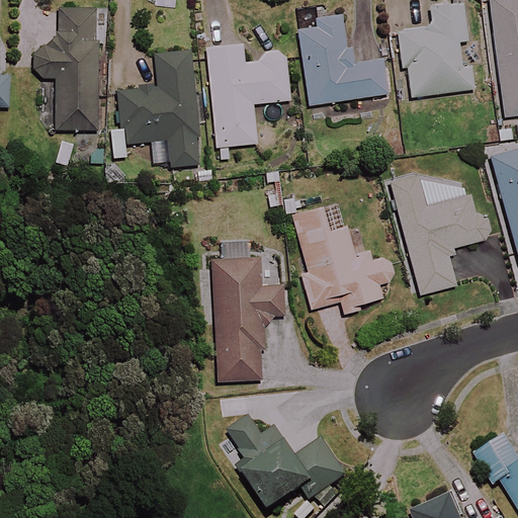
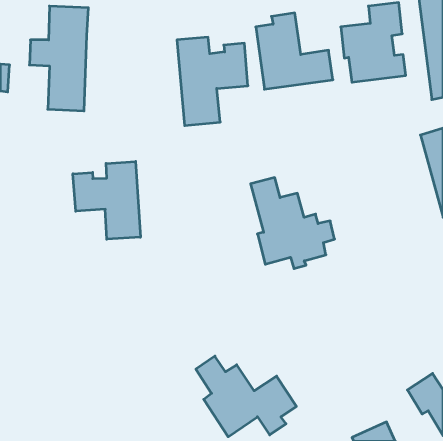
building: [118,51,199,166] -> none
building: [391,174,491,293] -> none
building: none -> [73,161,140,239]
building: [213,243,284,380] -> none

